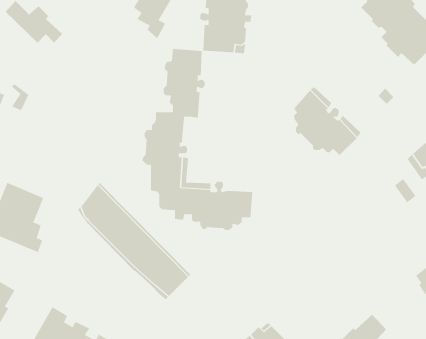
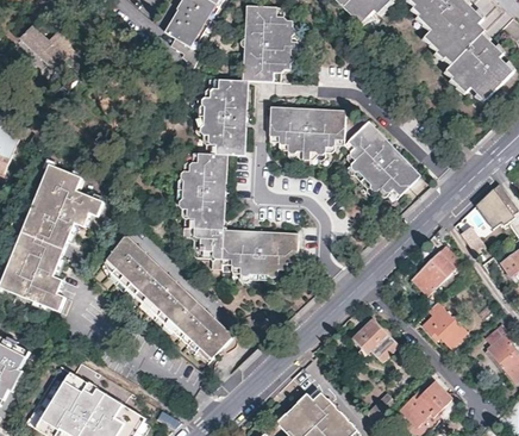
building: none -> [269,107,346,166]
building: none -> [21,164,102,248]
building: none -> [409,244,459,294]
building: none -> [421,299,465,347]
building: none -> [352,318,398,362]

